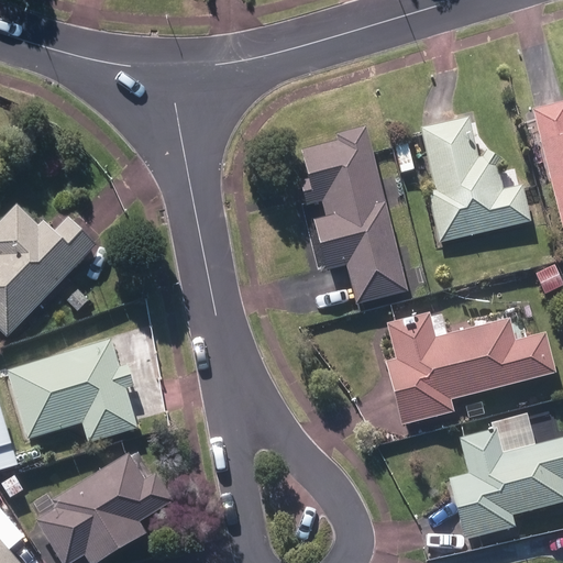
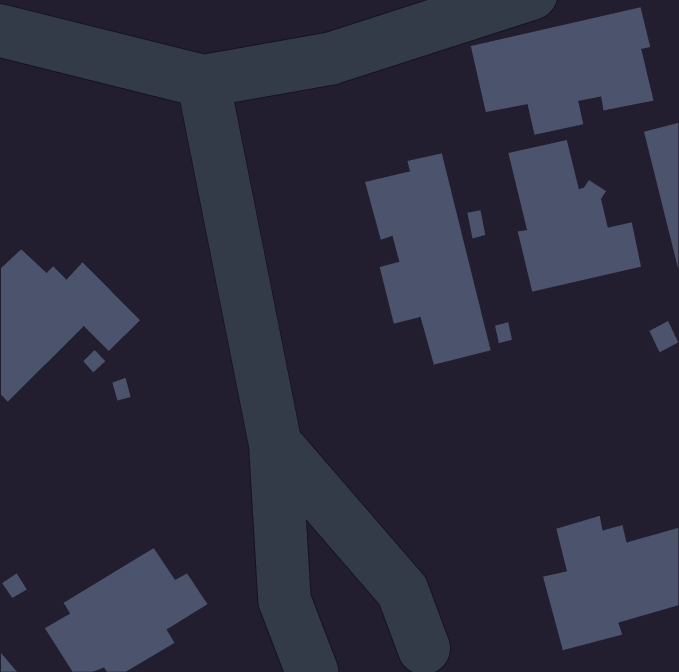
building: none -> [470,7,654,136]
building: [385,311,555,424] -> none
building: [9,340,136,441] -> none

